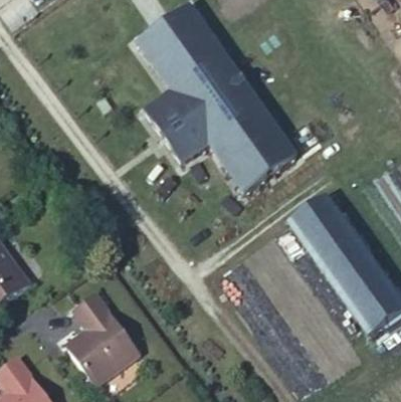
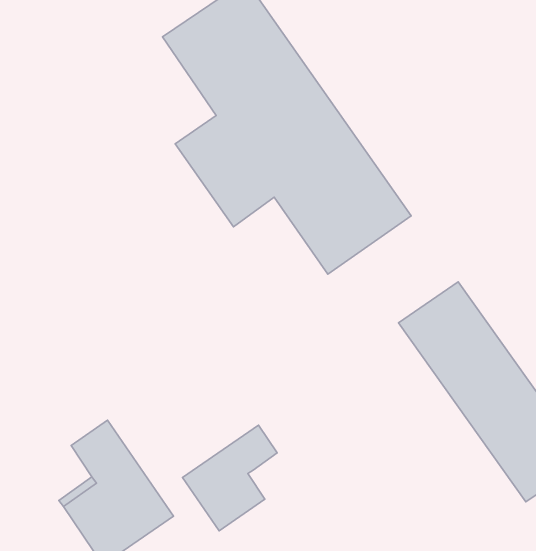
building: none -> [182,425,277,531]

